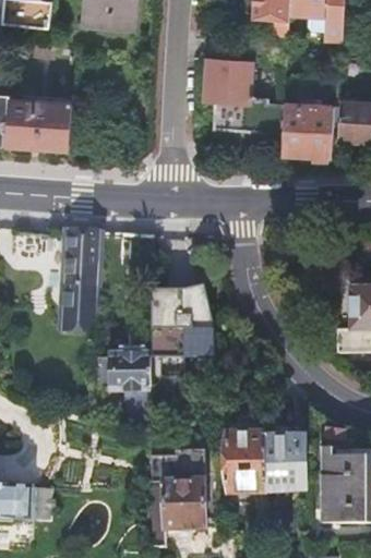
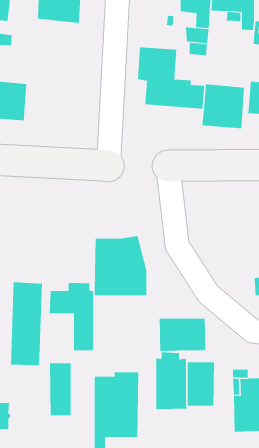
building: [62,228,101,329] -> [10,282,43,366]
building: none -> [159,318,206,352]
building: none -> [49,362,71,416]

